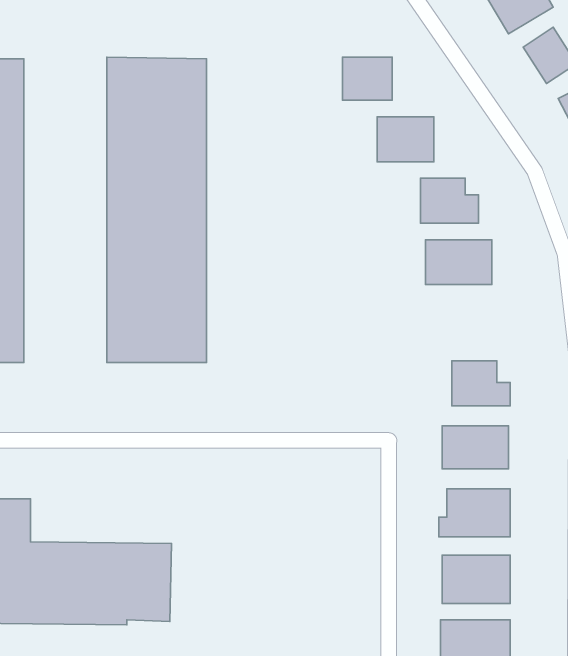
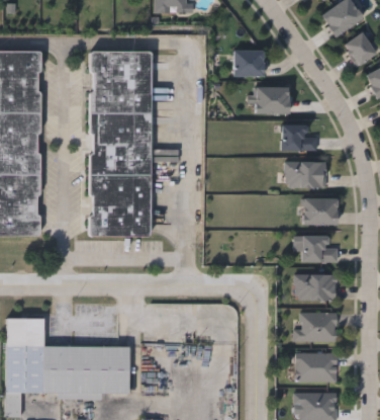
building: none -> [303,197,338,225]

